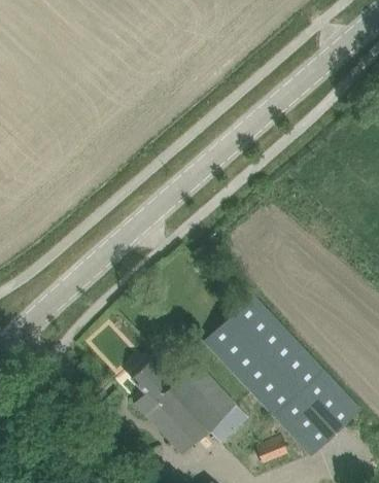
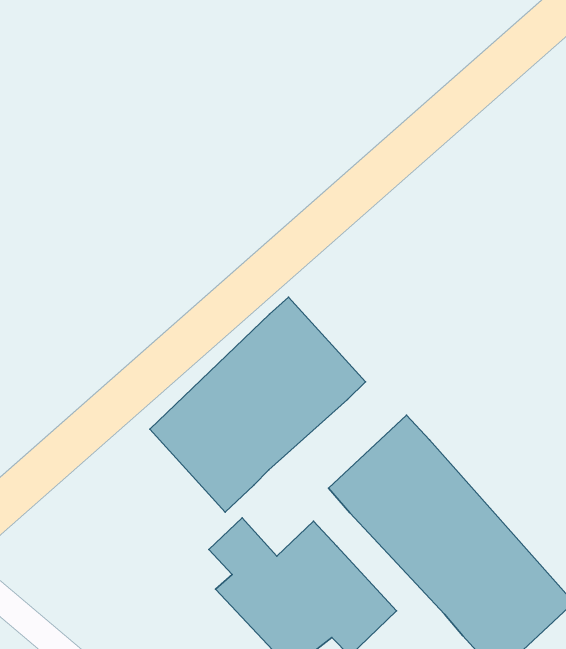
building: none -> [150,297,365,512]

